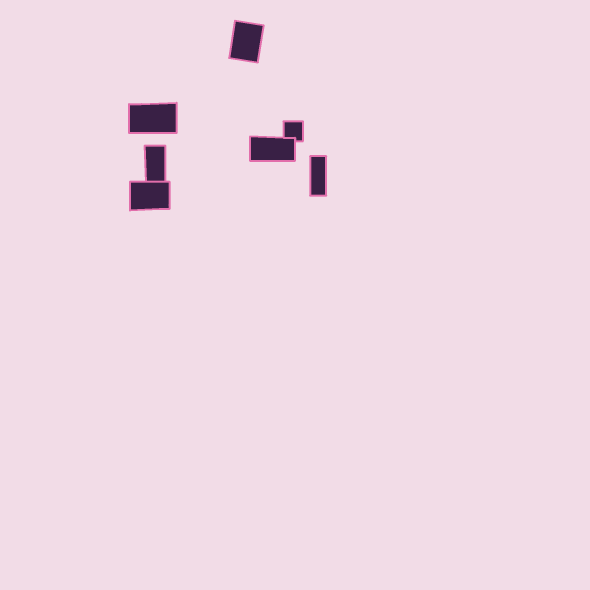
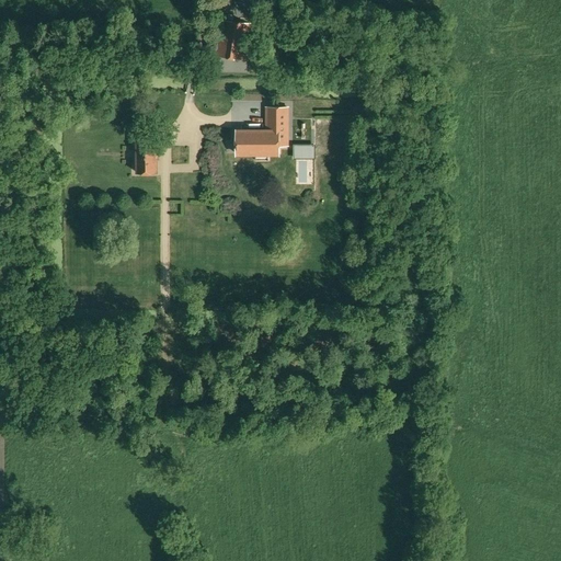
building: [129,103,177,133] -> none
building: [130,182,169,211] -> none

